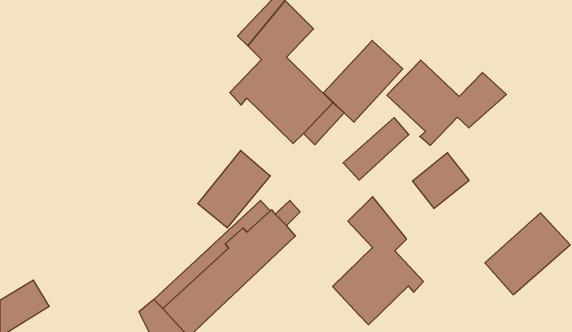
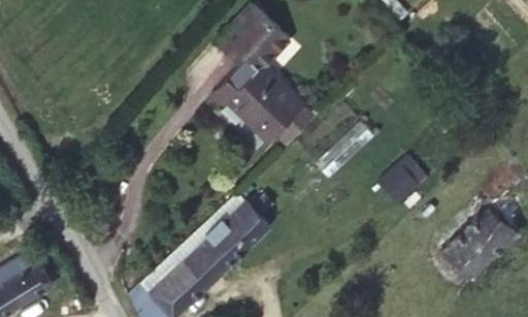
building: [323,40,403,122] -> none
building: [387,60,506,145] -> none
building: [198,150,270,228] -> none
building: [333,197,423,325] -> none

